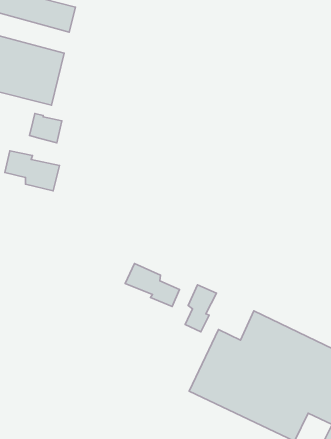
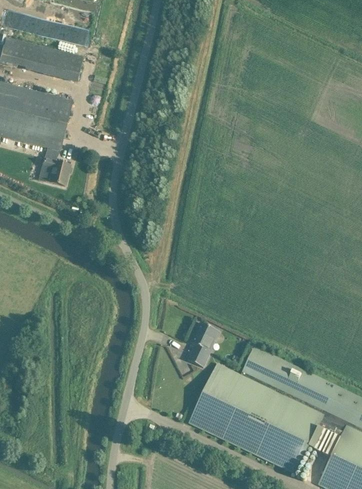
building: [5,151,60,191] -> none
building: [125,264,180,307] -> none

